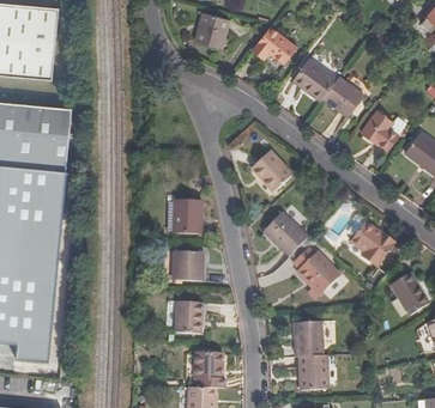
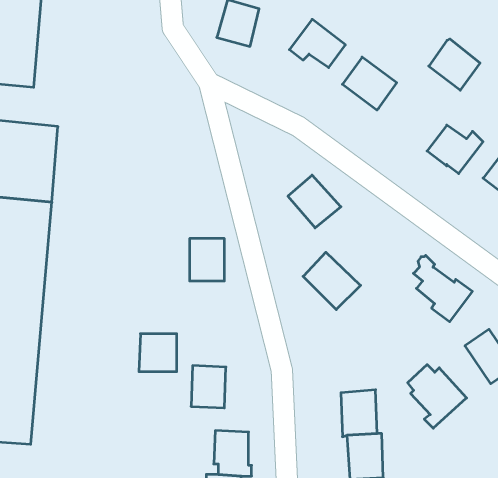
building: [324,75,364,116] -> [429,39,480,90]
building: [295,249,342,299] -> [408,365,467,428]
building: [174,251,204,281] -> [139,334,177,372]

